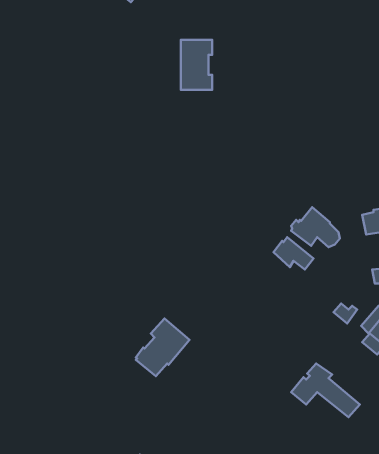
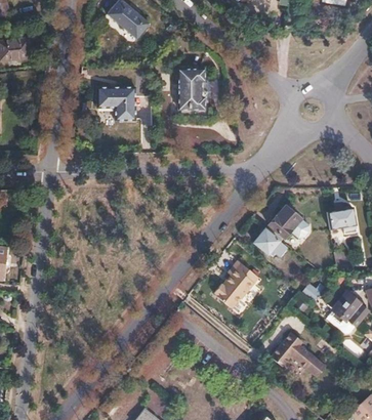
building: none -> [97,87,136,121]
building: [136,319,190,376] -> [215,260,259,307]

